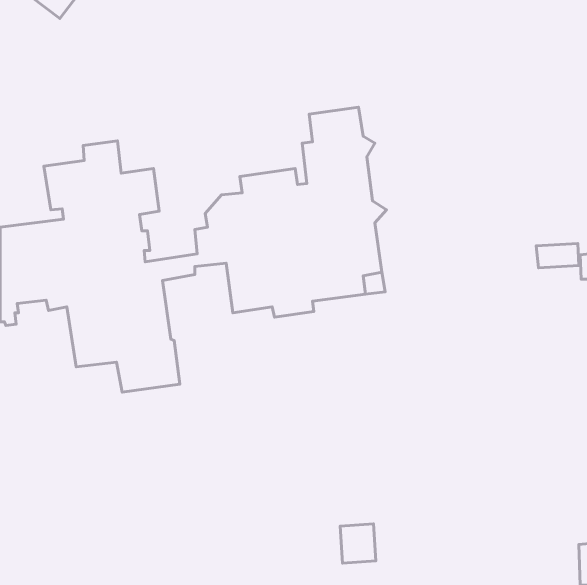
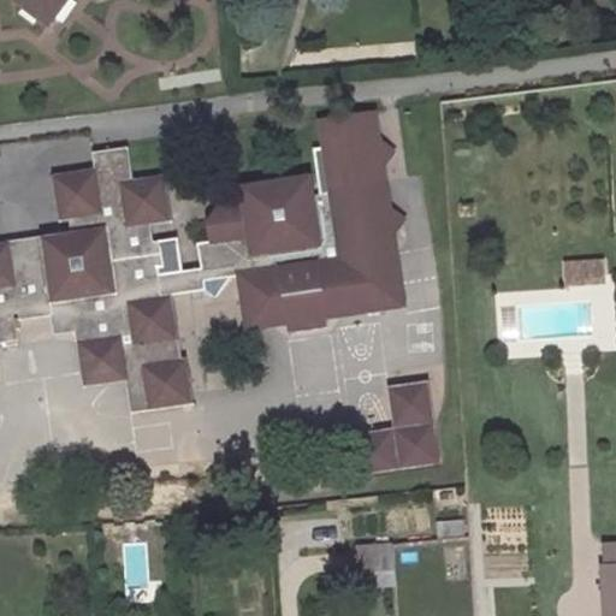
building: none -> [355,385,439,473]

